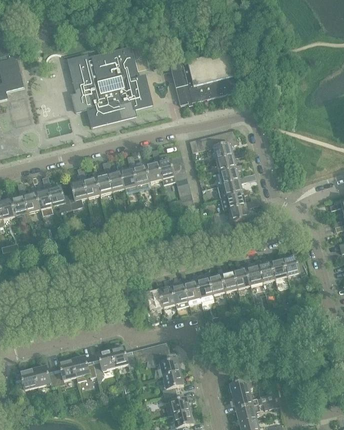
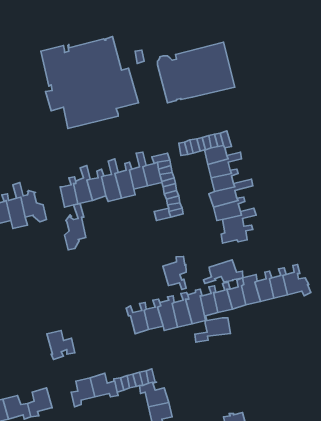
building: [68,167,87,208] -> [65,204,86,250]
building: none -> [163,256,186,289]
building: none -> [204,260,243,284]
building: none -> [195,318,230,342]
building: [71,355,96,381] -> [47,330,75,360]

